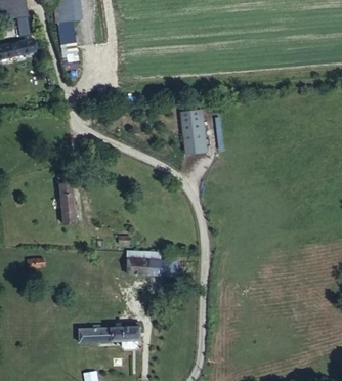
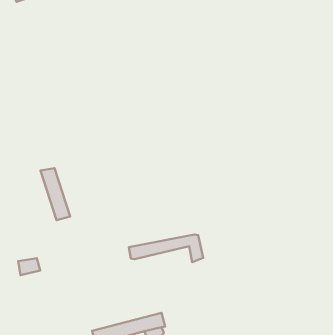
building: [180,105,207,152] -> none

